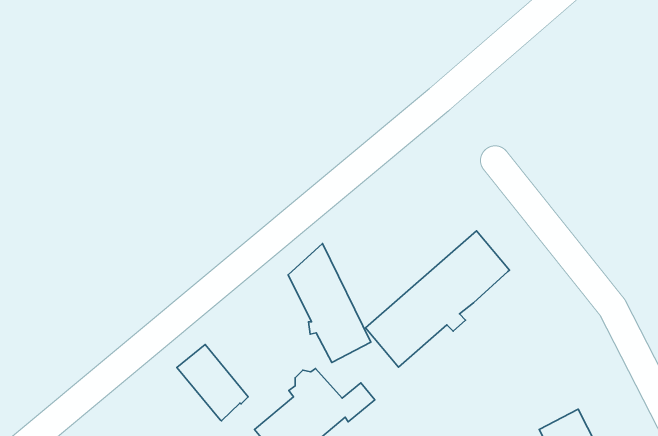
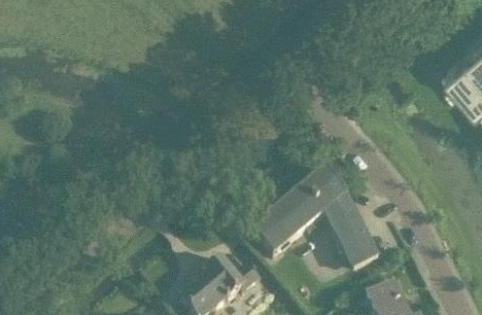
building: [288,244,371,362] -> [322,188,377,267]
building: [177,344,248,421] -> none

